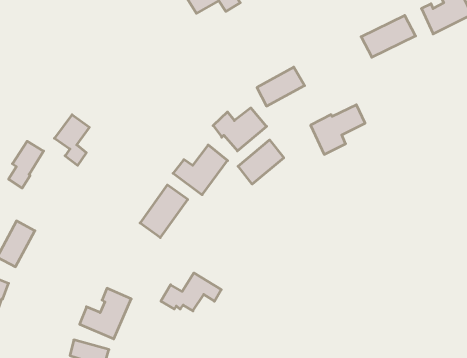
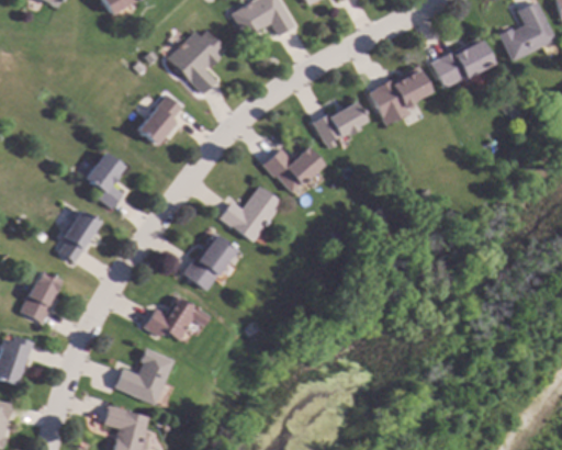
building: none -> [169,30,225,93]
building: none -> [138,95,183,145]
building: [311,105,365,154] -> [370,69,431,125]
building: [238,140,284,184] -> none
building: [9,141,44,188] -> [59,210,99,262]
building: [161,273,221,311] -> [143,295,211,338]

